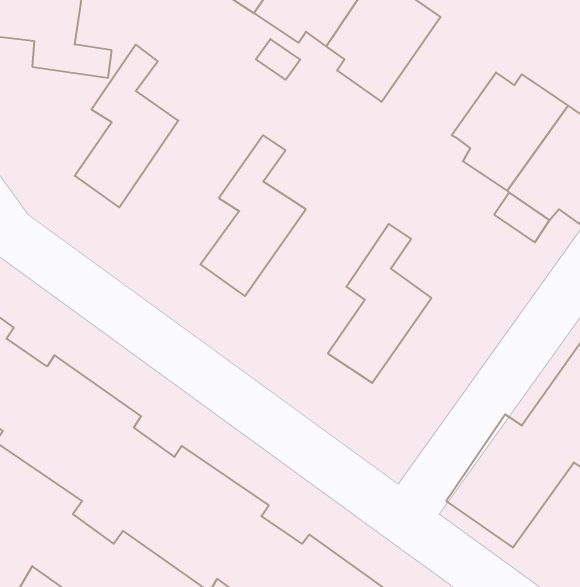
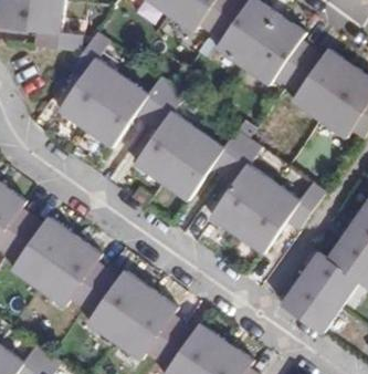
building: none -> [243,14,312,85]
building: none -> [86,75,172,146]
building: none -> [161,128,248,199]
building: none -> [238,181,324,251]

